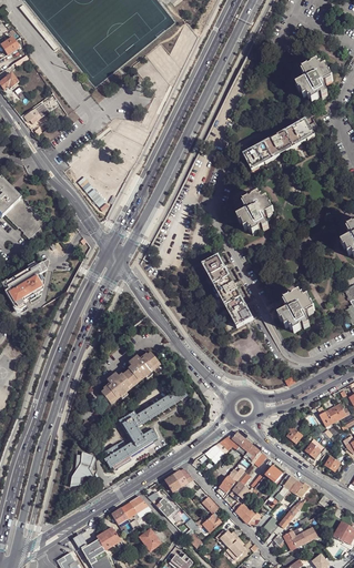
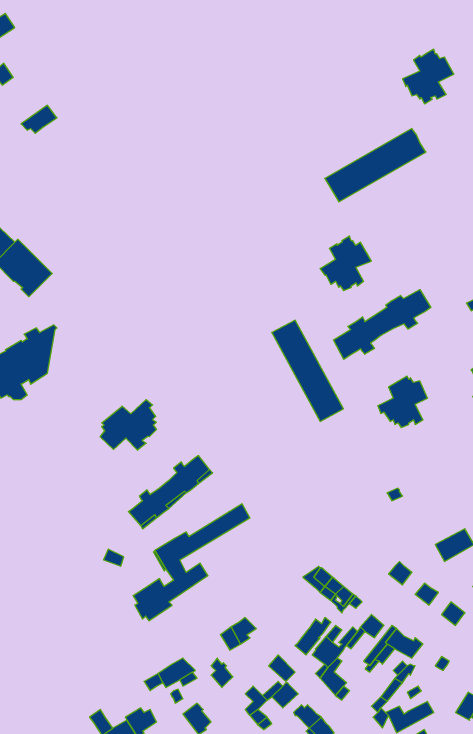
building: none -> [333,290,431,359]
building: none -> [100,400,156,450]
building: [70,453,95,488] -> none

